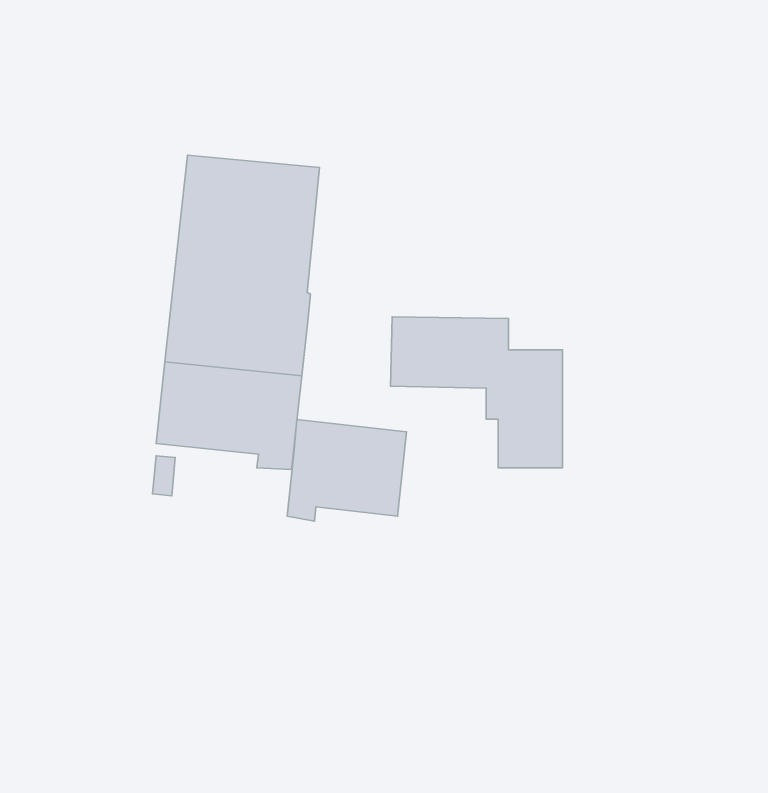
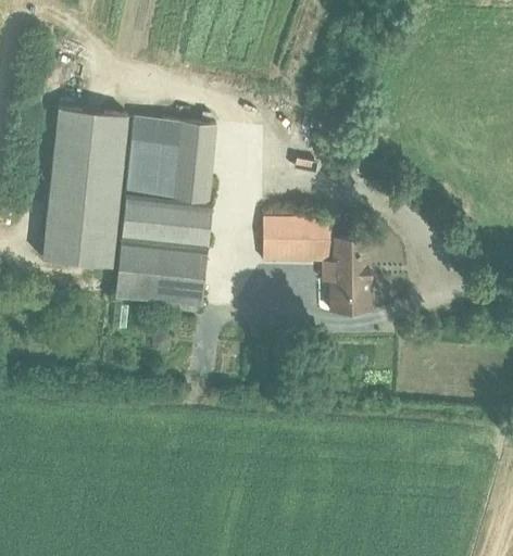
building: none -> [41,108,127,268]
building: [287,419,406,521] -> none

